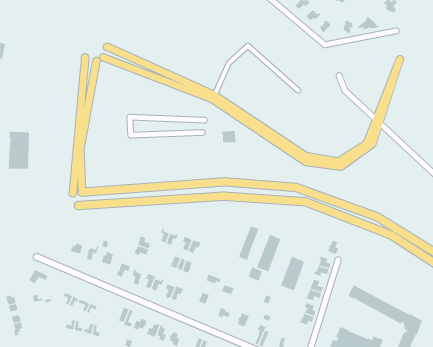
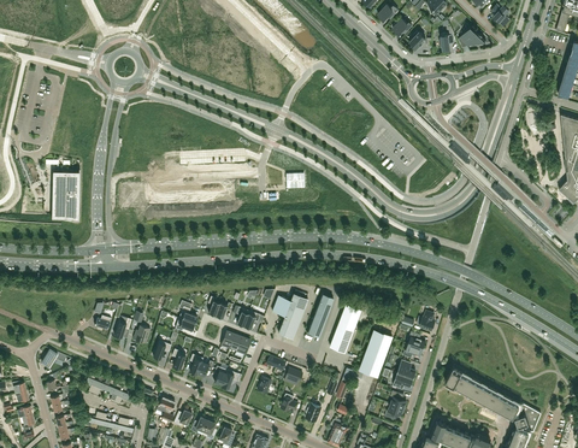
building: [8,128,30,169] -> [52,167,79,219]
building: none -> [272,293,307,337]

